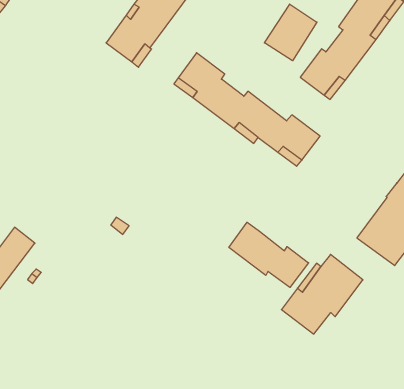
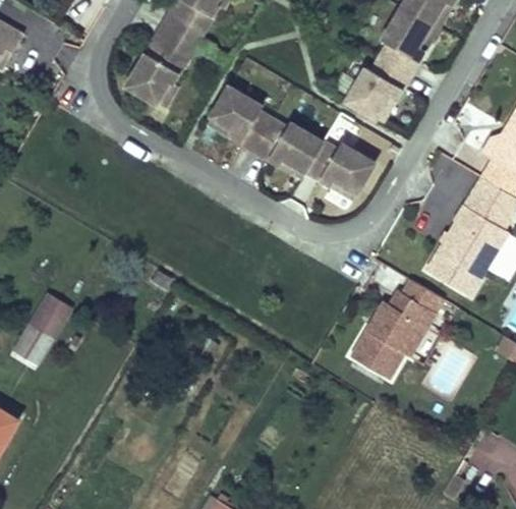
building: [264,4,317,61] -> none
building: [229,222,309,287] -> none

